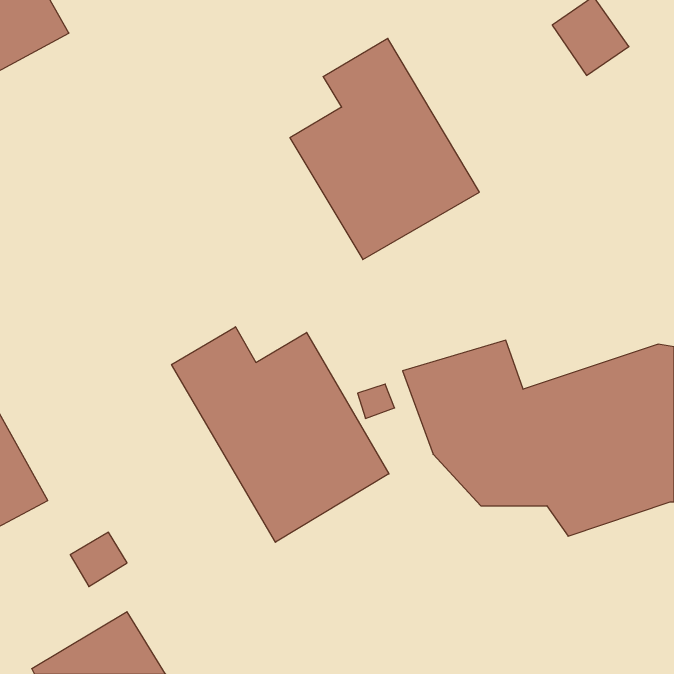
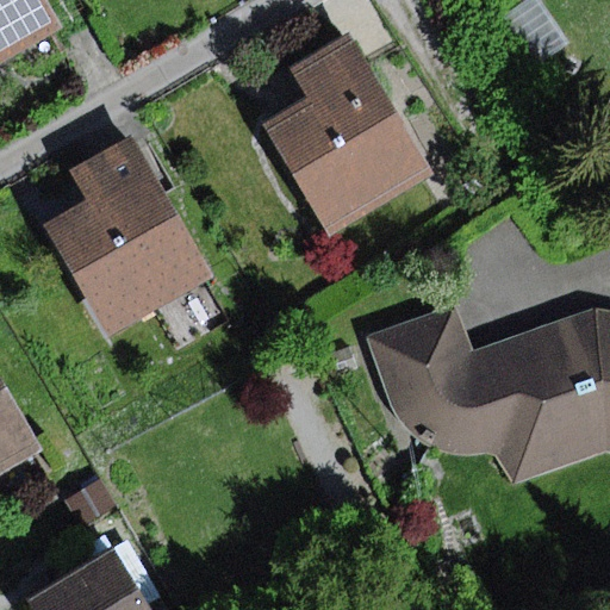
building: none -> [43,135,216,336]
building: [172,327,389,542] -> none

